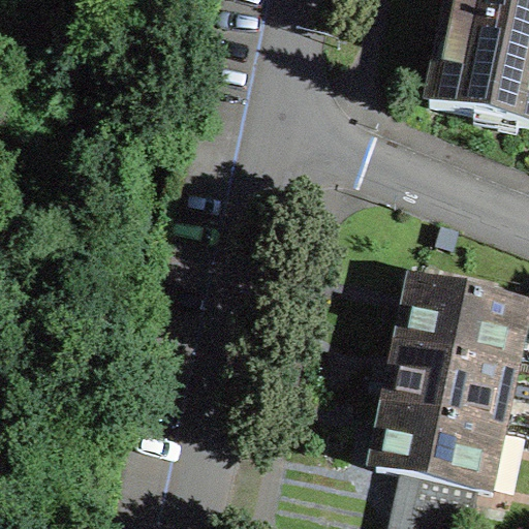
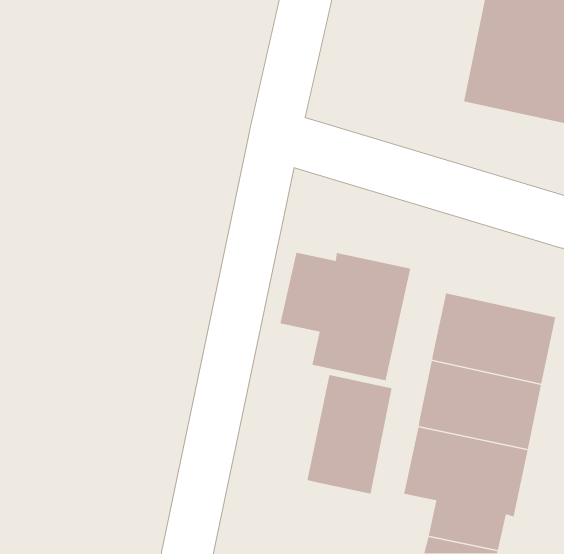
building: none -> [279,252,411,381]
building: none -> [307,374,392,495]

